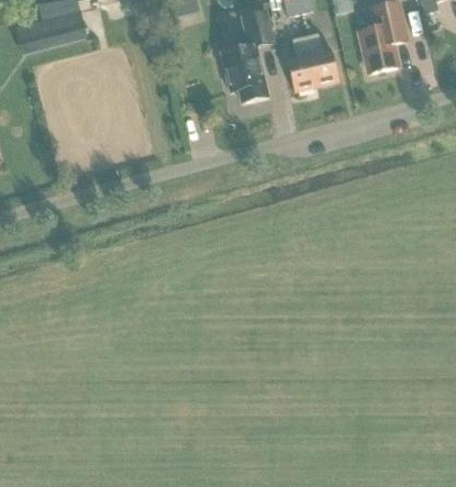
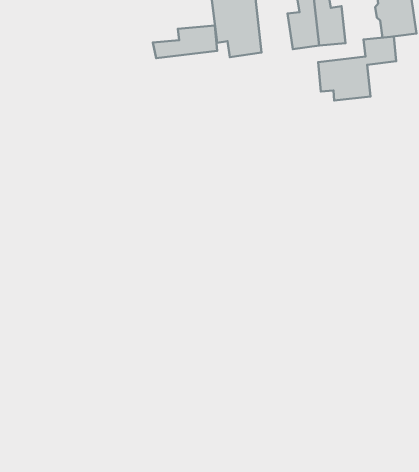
building: none -> [318,37,396,100]
building: none -> [153,25,217,58]

